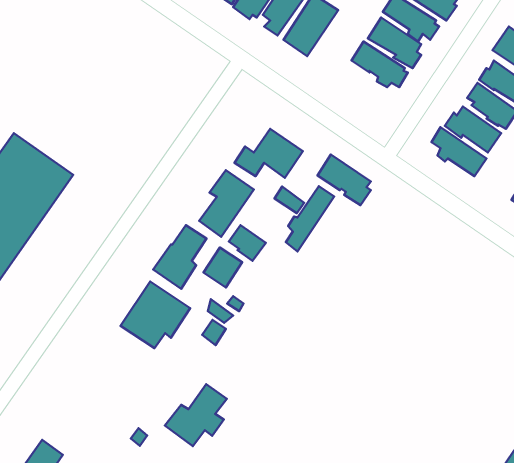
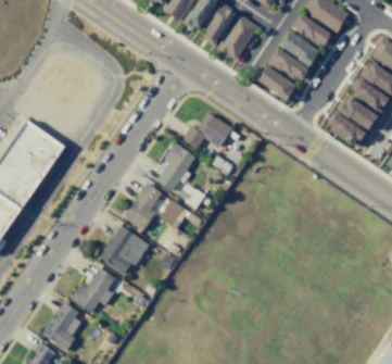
building: [318,155,371,205] -> [257,65,296,102]
building: [286,186,334,251] -> none
building: [165,384,227,446] -> [72,267,117,313]
building: none -> [43,302,83,350]

